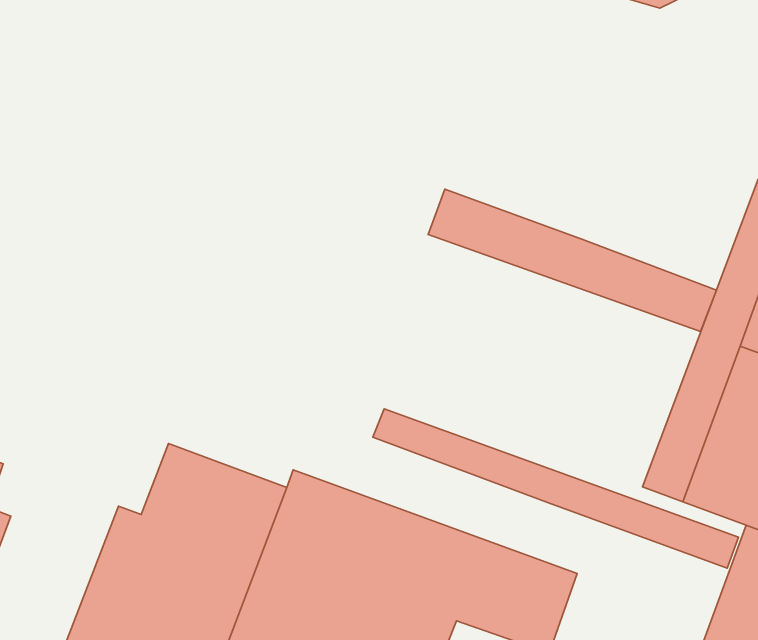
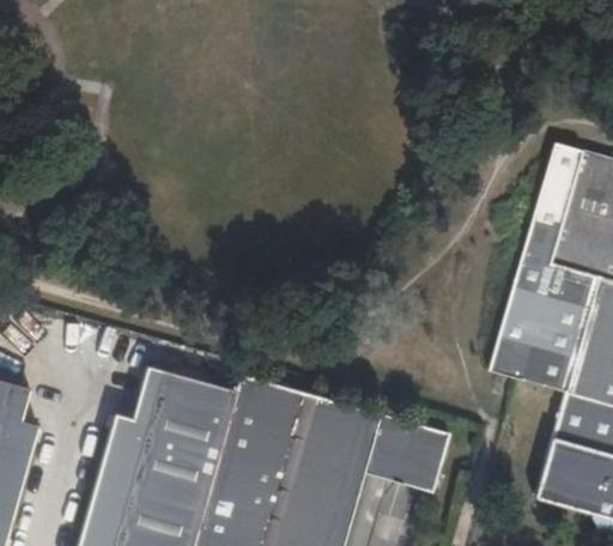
building: [428,189,716,332] -> none
building: [373,409,739,568] -> none

